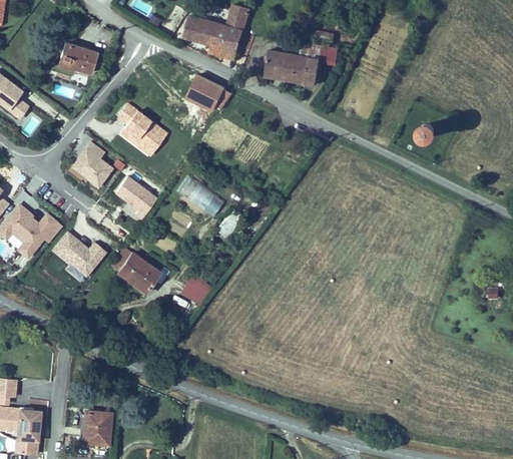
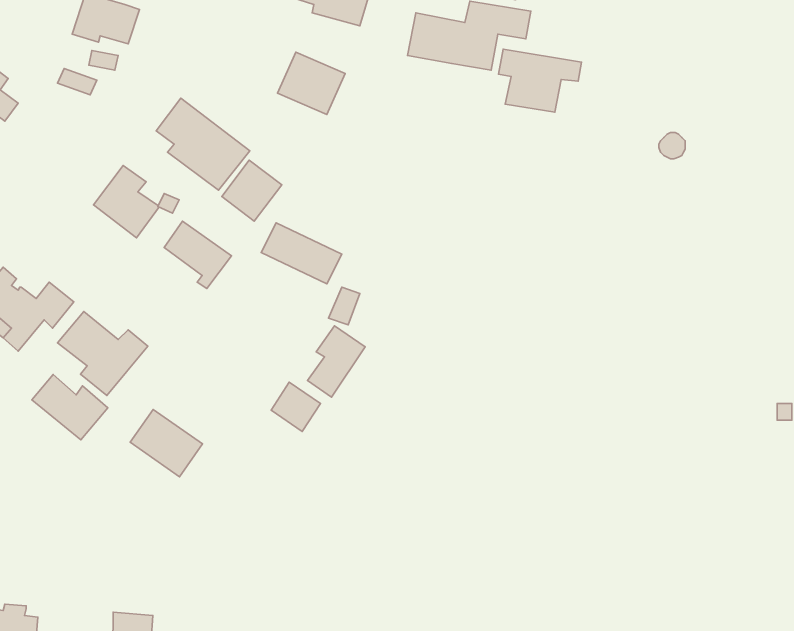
building: none -> [498,49,581,112]
building: none -> [222,160,282,221]
building: none -> [307,326,365,397]
building: [117,252,161,293] -> [130,409,203,477]
building: none -> [32,375,108,440]

